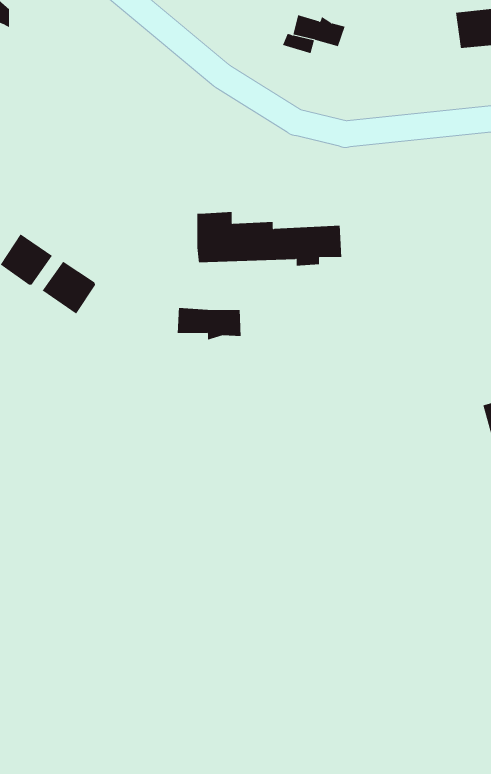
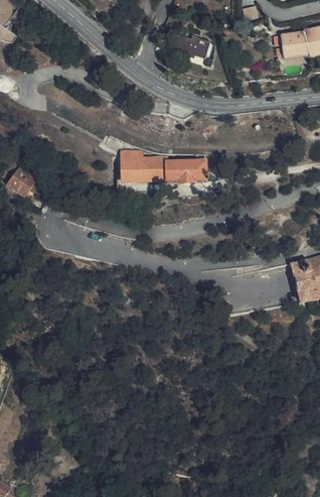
building: [42,261,96,314] -> none
building: [177,307,241,340] -> none

